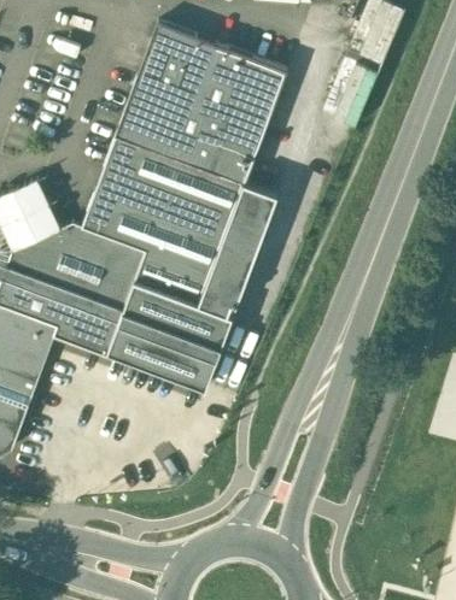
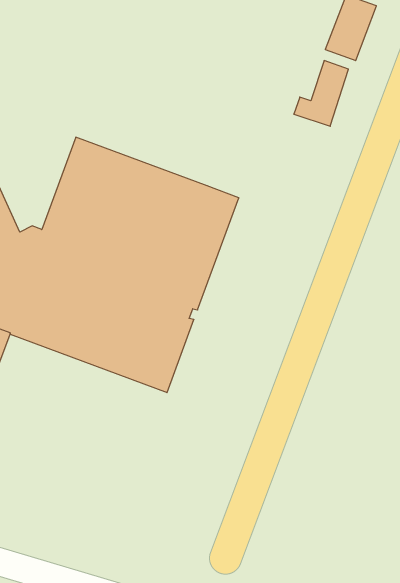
building: [115,25,286,186] -> none

